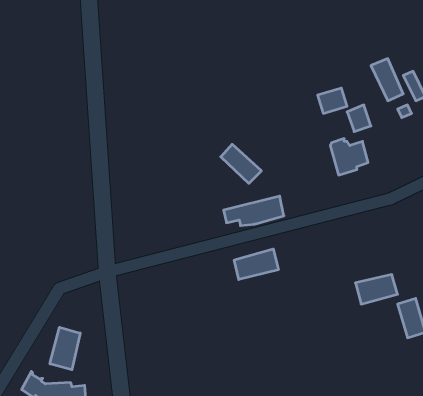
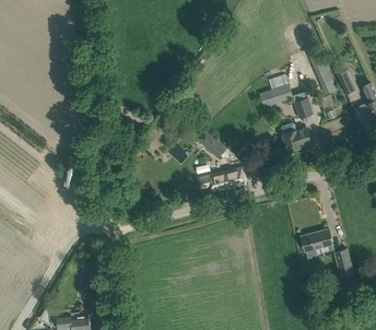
building: [234,249,278,280] -> none
building: [50,327,80,370] -> none

